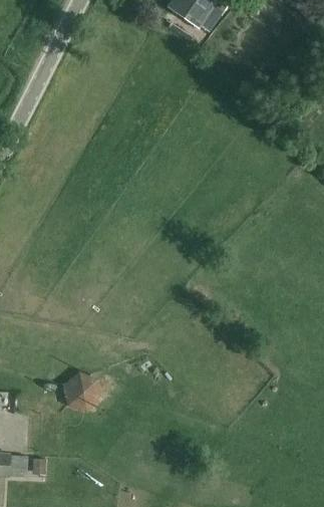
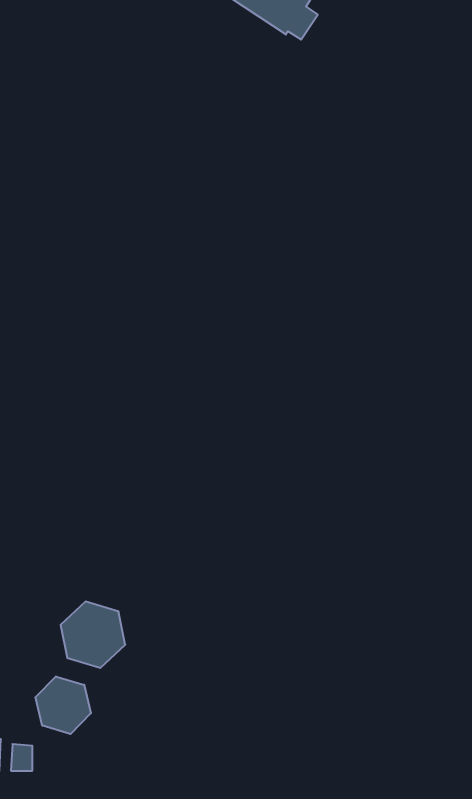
building: none -> [36,676,91,734]

